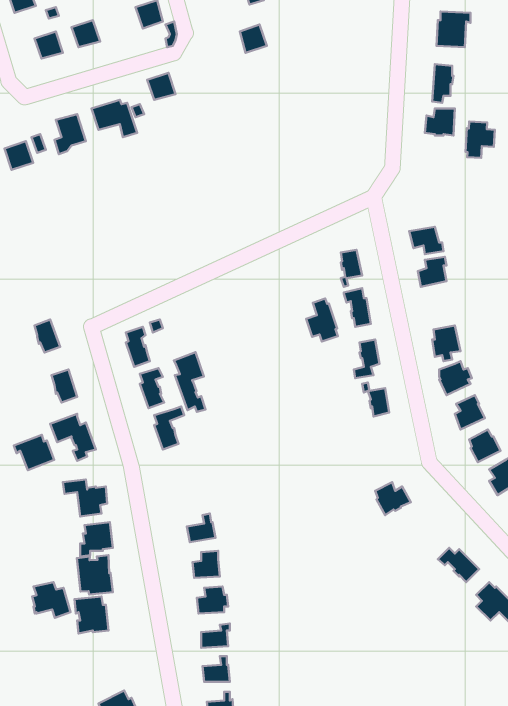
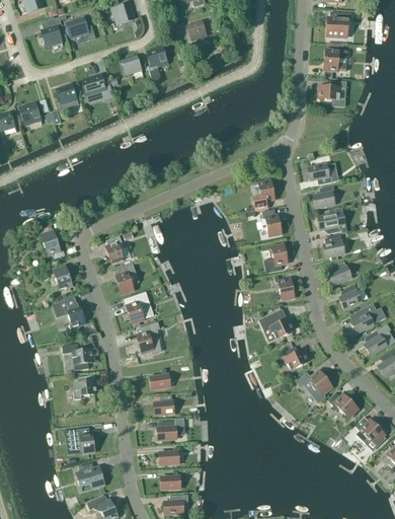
building: none -> [148,48,167,85]
building: [465,122,495,158] -> none
building: none -> [318,211,345,234]
building: [306,299,338,342] -> none
building: [174,352,205,412] -> none
building: none -> [259,312,294,339]
building: [14,435,54,470] -> none
building: none -> [137,322,161,353]
building: none -> [297,371,331,402]
building: [77,555,113,595] -> none
building: [32,582,71,618] -> [77,463,104,489]

